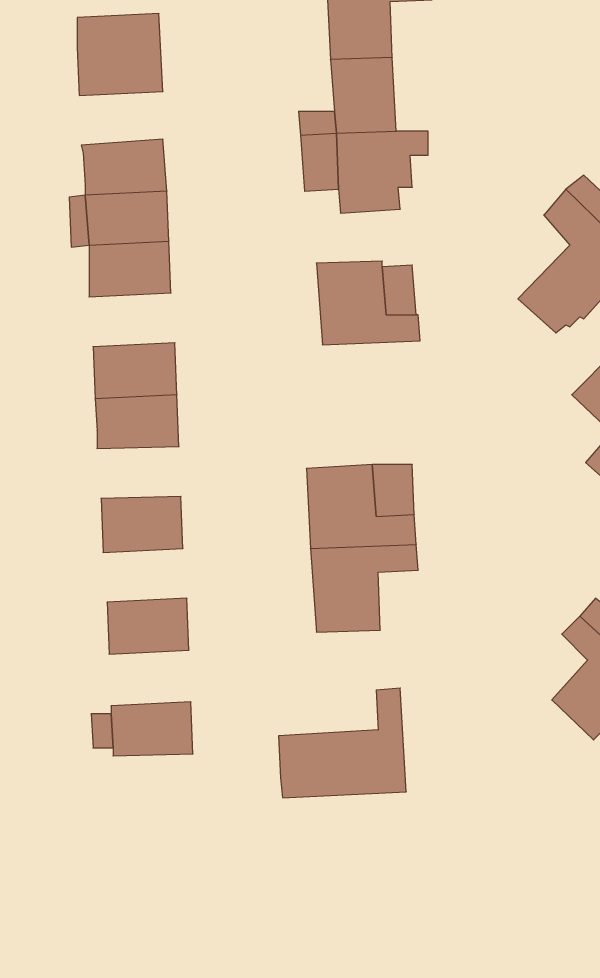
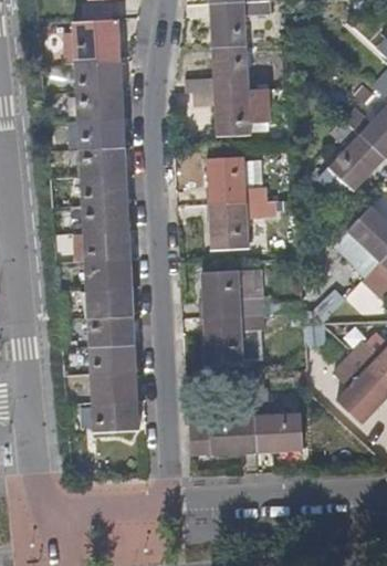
building: none -> [74,63,121,93]
building: none -> [80,175,127,205]
building: none -> [209,200,272,249]
building: none -> [84,260,130,289]
building: none -> [87,316,134,346]
building: none -> [91,373,136,403]
building: none -> [252,394,301,451]

